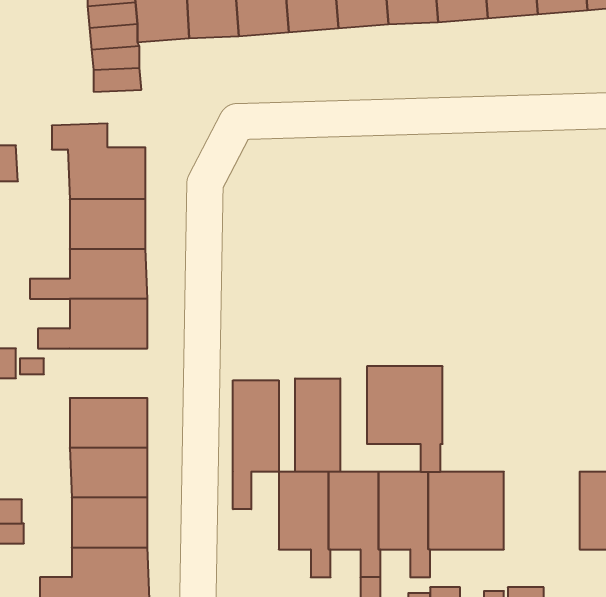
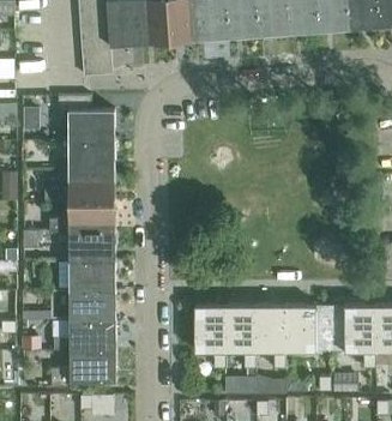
building: none -> [68,231,115,261]
building: [367,366,443,472] -> [330,306,375,369]
building: [295,378,340,472] -> none
building: [233,380,279,509] -> none

